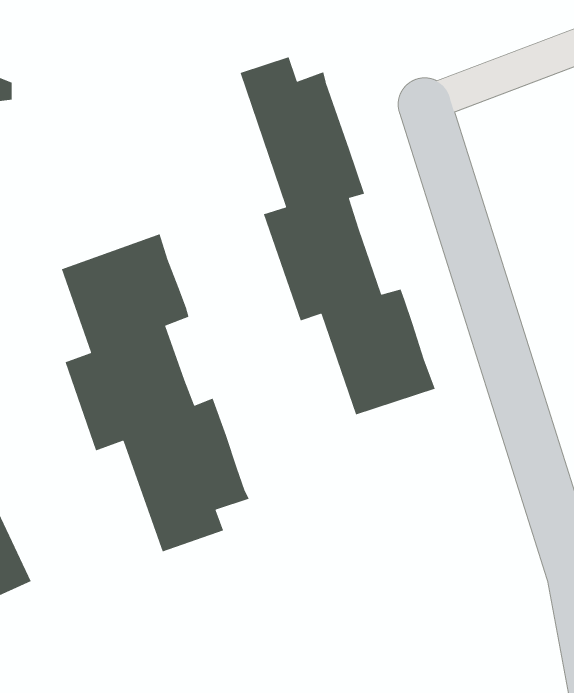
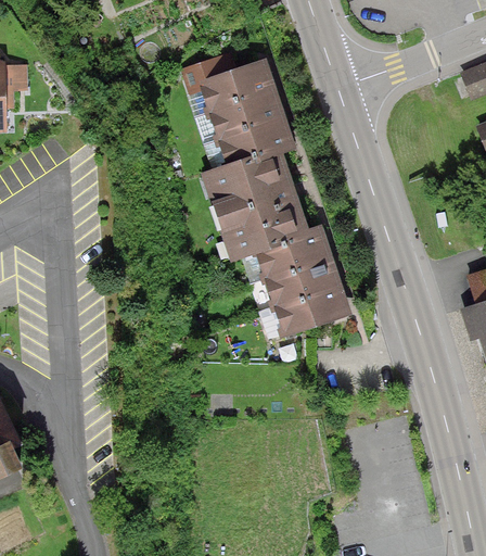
building: [61,233,250,553] -> none

